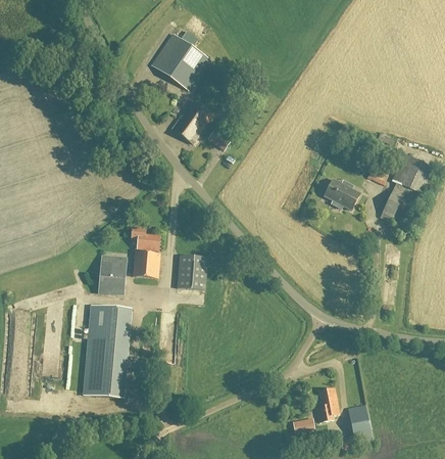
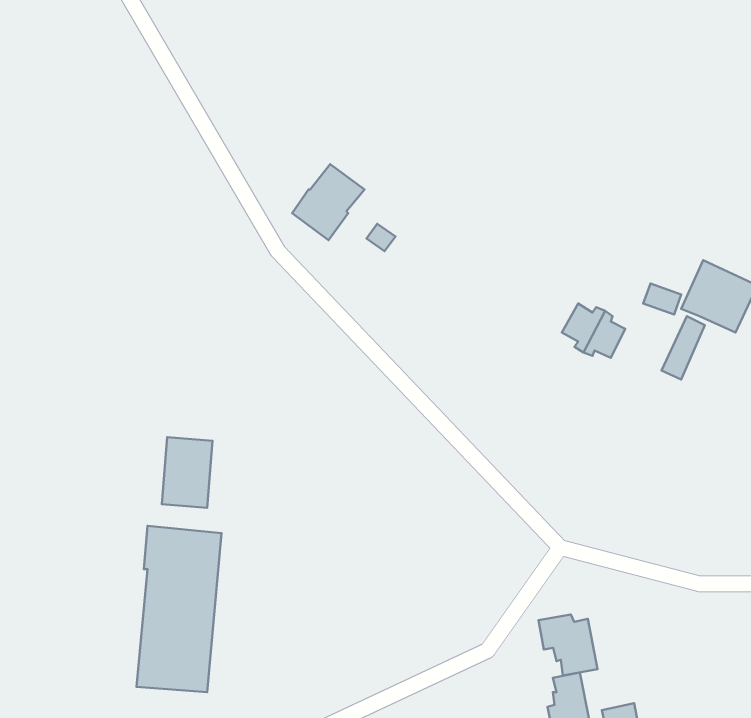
building: [151,33,209,89] -> none
building: [131,226,159,277] -> none
building: [177,254,207,288] -> none
building: none -> [539,615,597,676]

